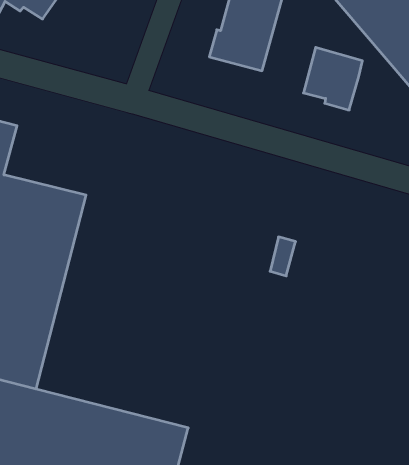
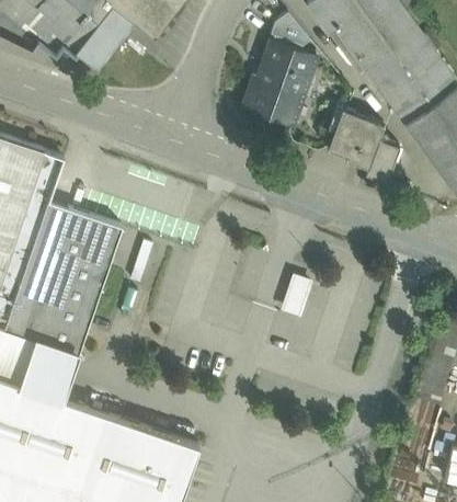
building: none -> [364,138,398,181]

